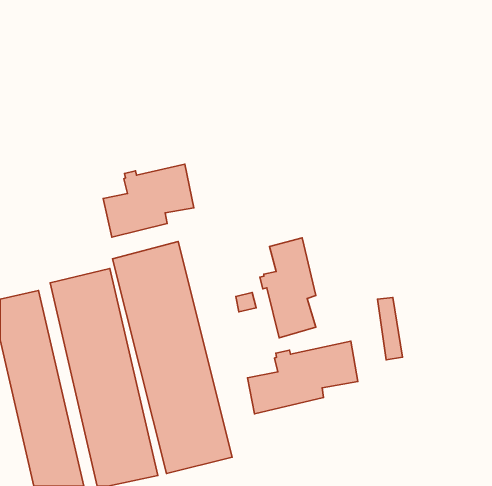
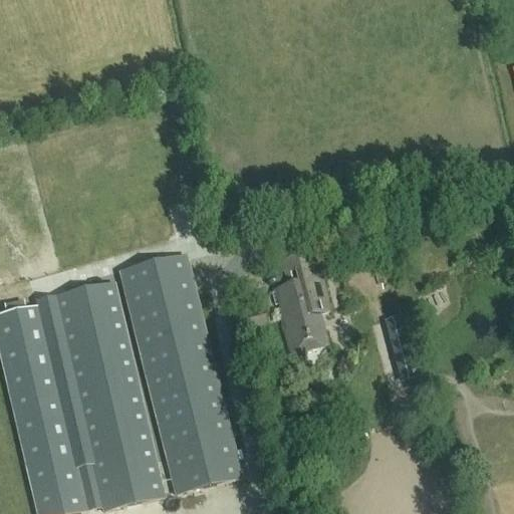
building: [103,164,194,237] -> none
building: [247,341,358,414] -> none

